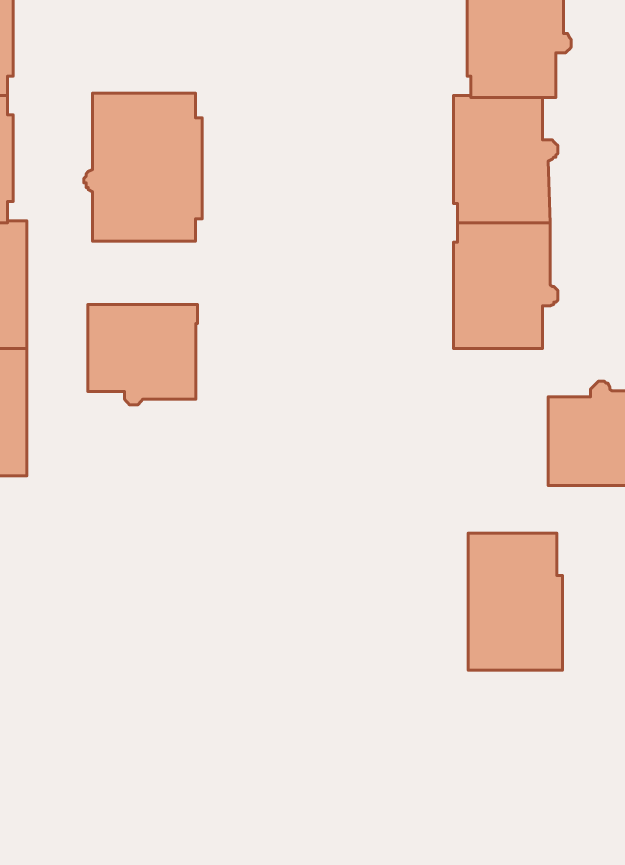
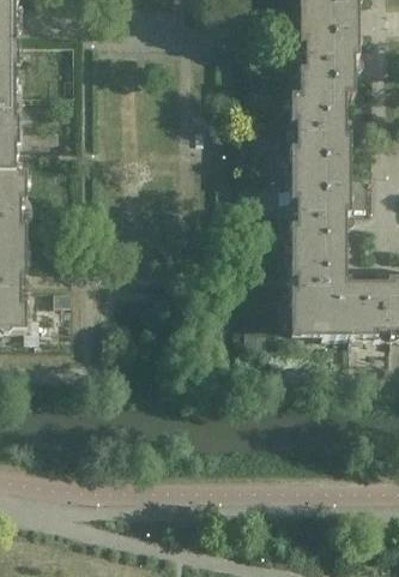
building: [84,93,202,241] -> none
building: [88,305,197,405] -> none
building: [468,533,563,670] -> [291,248,350,333]

